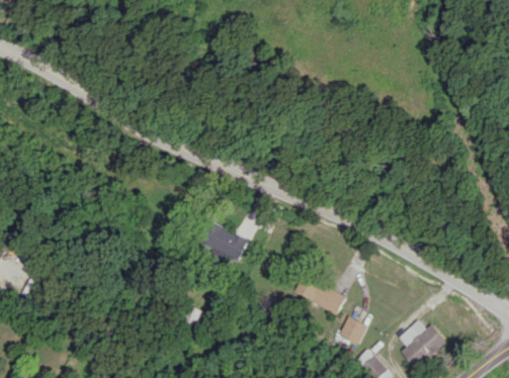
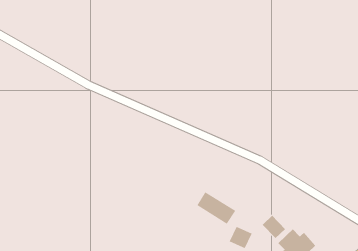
building: [208,224,248,263] -> none
building: none -> [262,215,286,239]

